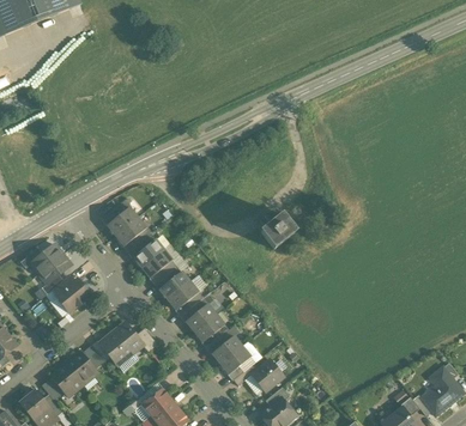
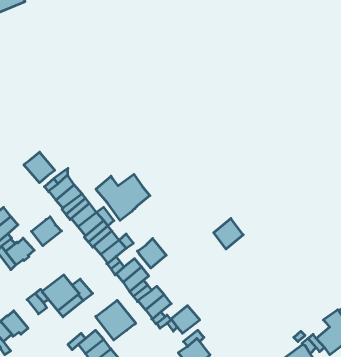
building: none -> [24,152,55,183]
building: none -> [96,174,150,220]
building: [259,213,293,249] -> [214,218,243,249]
building: none -> [31,217,62,246]
building: none -> [137,238,166,268]
building: [65,351,97,384] -> none
building: none -> [96,300,136,340]

